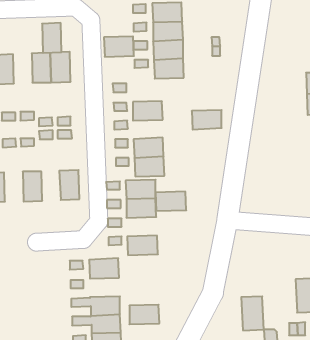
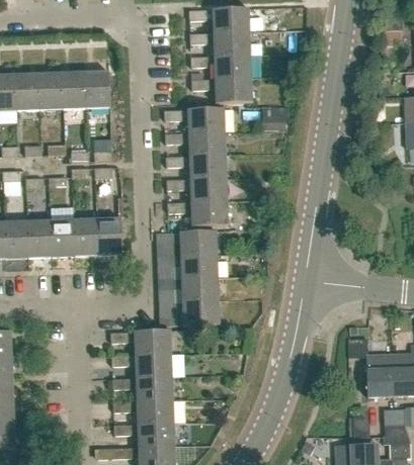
building: [42,23,62,53] -> [38,72,63,109]
building: [104,36,134,57] -> [187,107,225,132]
building: [192,110,222,130] -> [188,155,226,179]
building: none -> [74,218,98,256]
building: none -> [27,219,52,257]
building: [156,192,186,211] -> [180,276,219,300]
building: [241,296,264,330] -> [365,354,394,396]
building: [129,305,159,324] -> [135,352,172,376]

